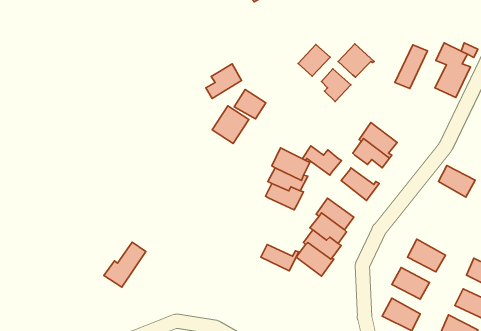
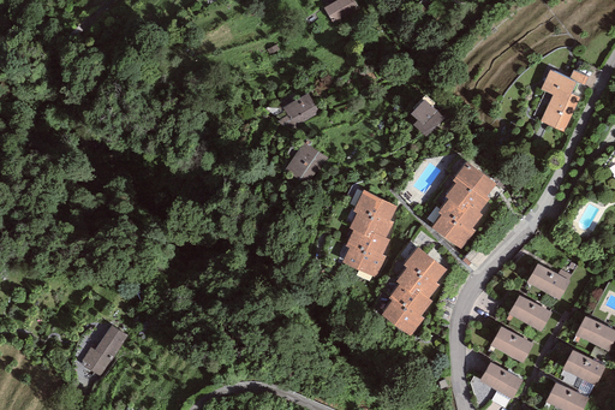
building: [338,44,374,77] -> none
building: [298,44,330,76] -> none
building: [395,45,428,89] -> none
building: [234,89,266,119] -> none
building: [303,146,341,175] -> [437,197,482,231]
building: [438,166,475,197] -> [526,263,568,299]
building: [104,242,146,287] -> [78,325,126,376]
building: [261,244,299,271] -> [341,246,384,277]

